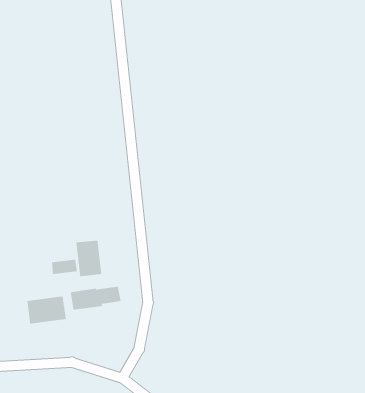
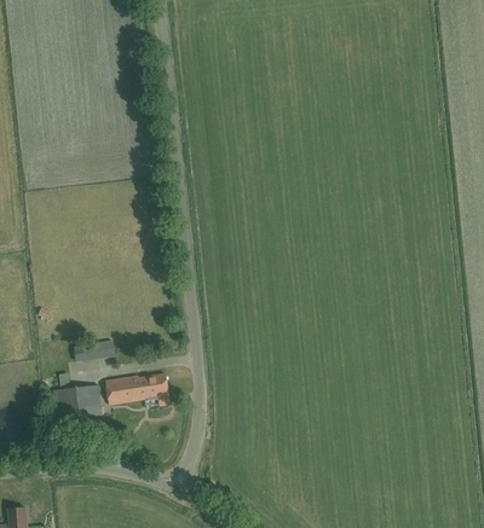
building: [76,240,102,277] -> none

